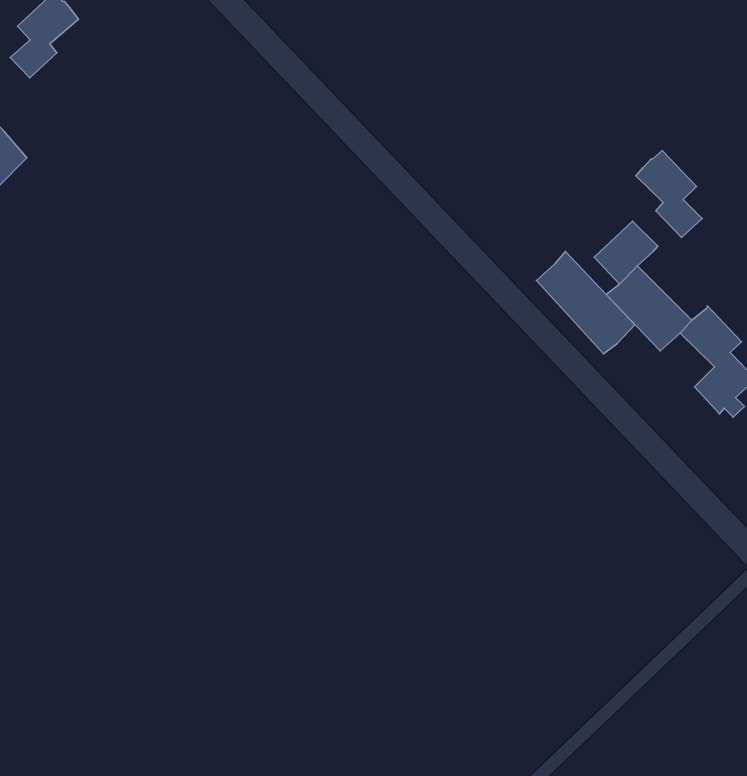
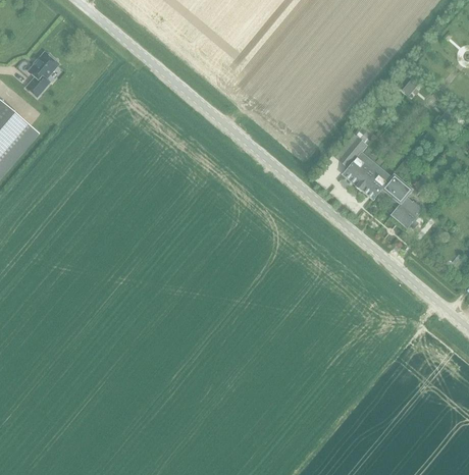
building: [636,150,702,238] -> none
building: [537,251,635,354] -> none

